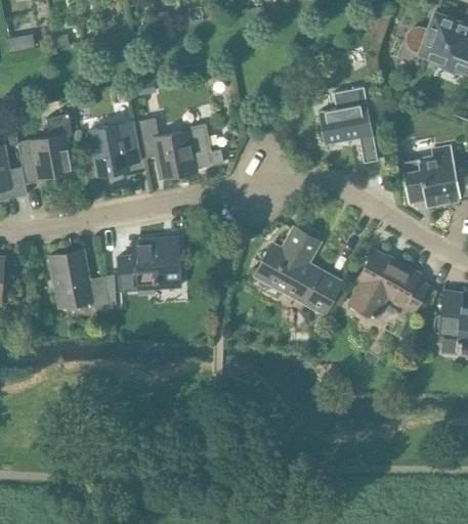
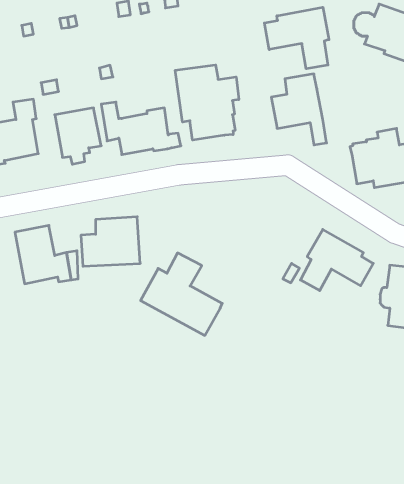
building: none -> [264,7,329,69]
building: none -> [175,65,239,140]
building: [254,227,340,314] -> [141,253,222,335]

